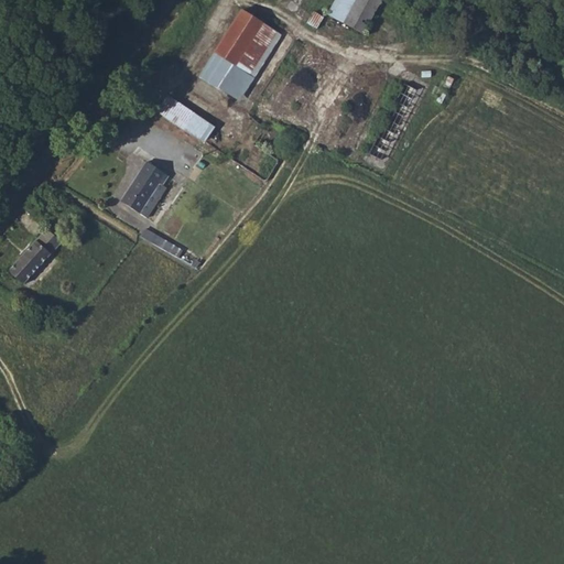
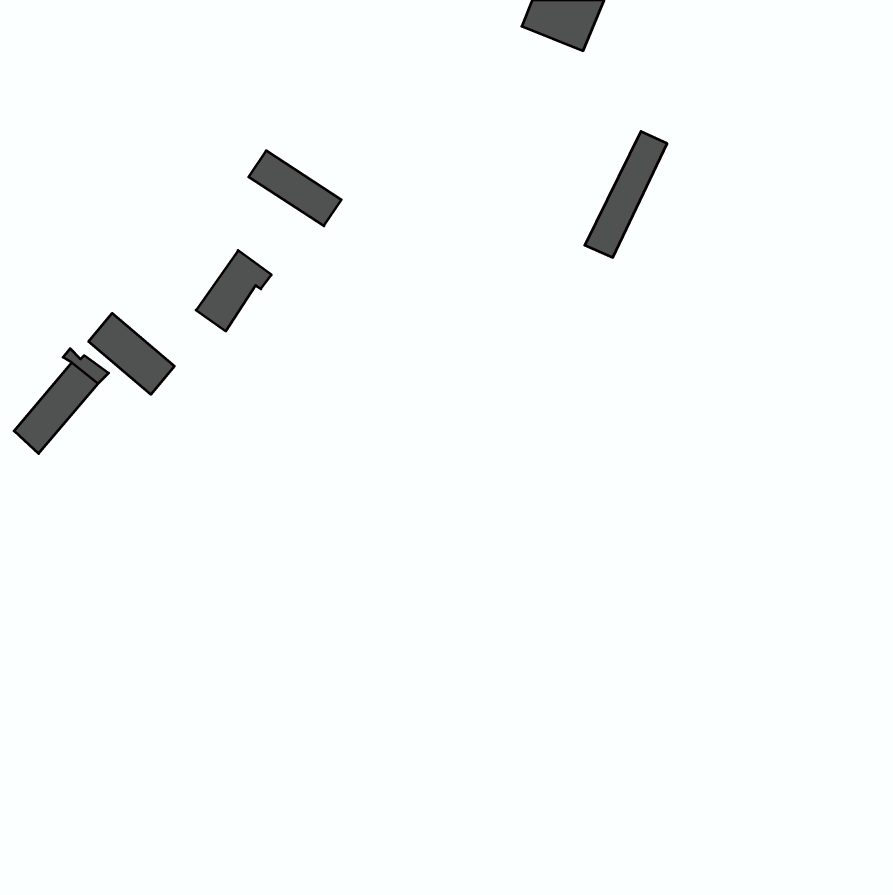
building: [200,10,280,100] -> none
building: none -> [89,313,174,394]

